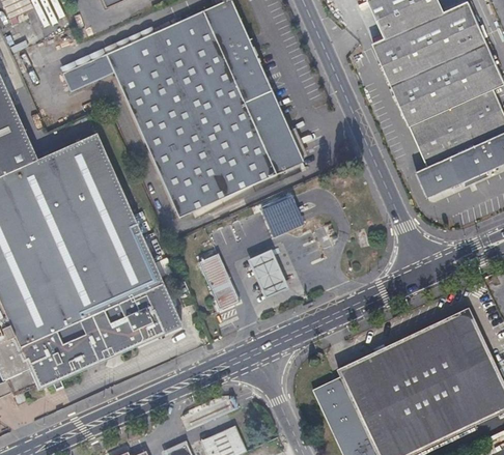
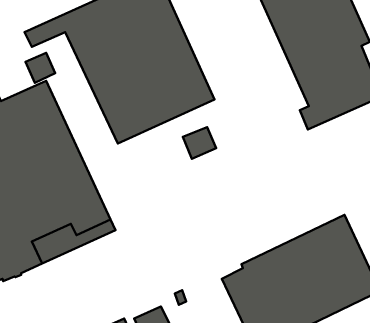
building: none -> [25,53,55,83]
building: [247,247,287,296] -> none
building: [198,252,239,309] -> none

